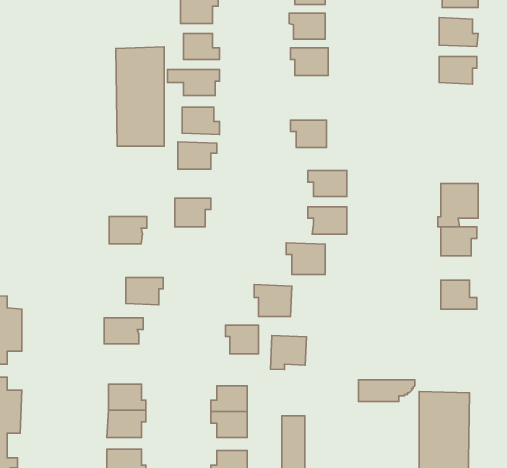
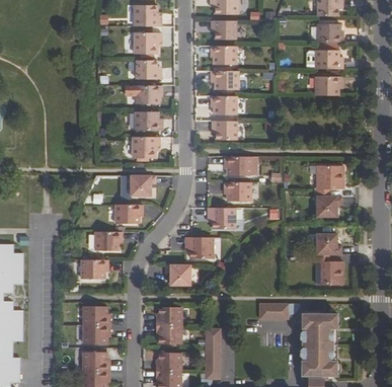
building: [116,47,164,146] -> none
building: none -> [211,95,236,114]
building: [109,217,147,244] -> [115,204,142,223]
building: none -> [313,253,342,284]
building: [271,336,306,370] -> none

